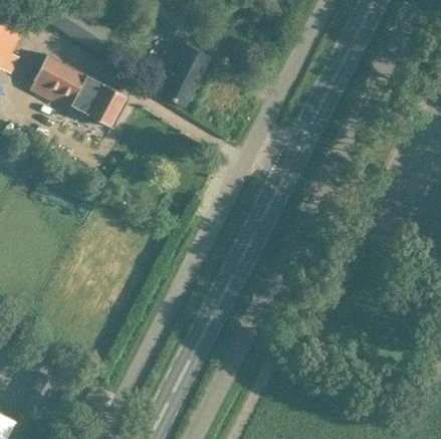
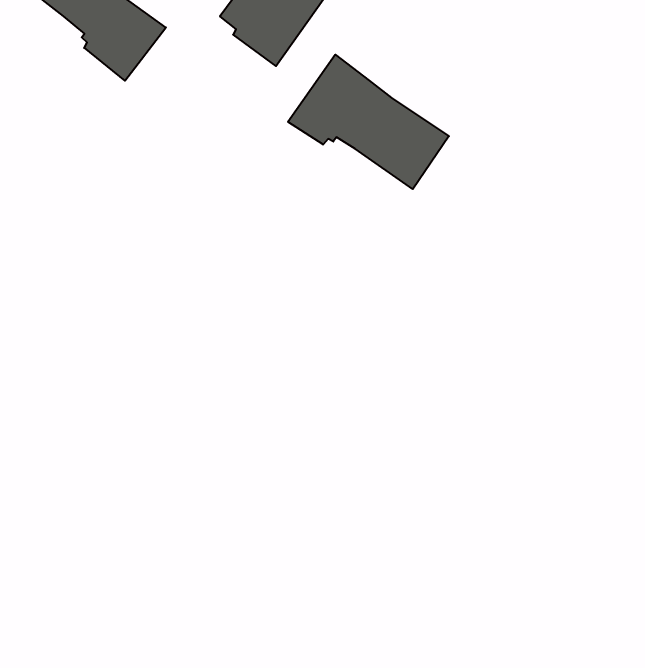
building: none -> [288,55,449,189]

